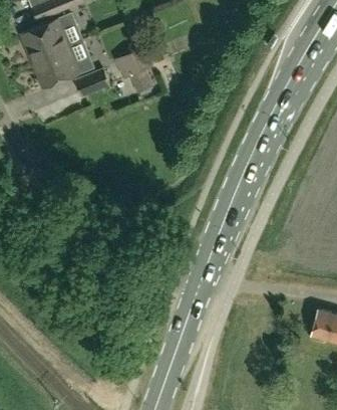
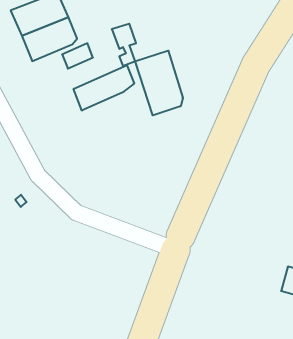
building: none -> [135,51,183,115]
building: none -> [74,65,134,111]

